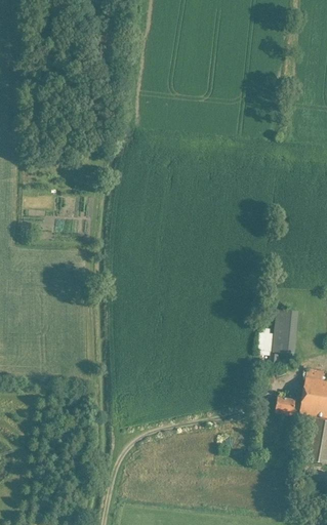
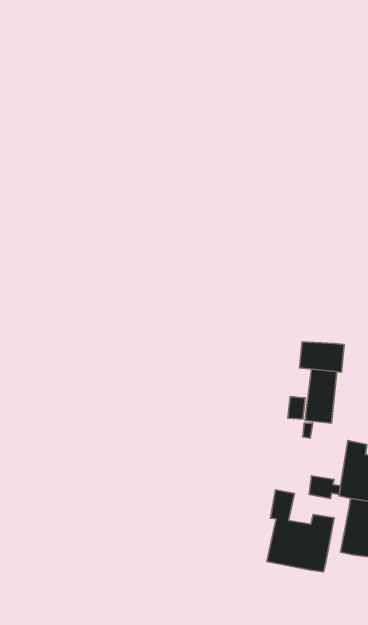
building: none -> [300,342,344,372]
building: none -> [267,490,334,572]

